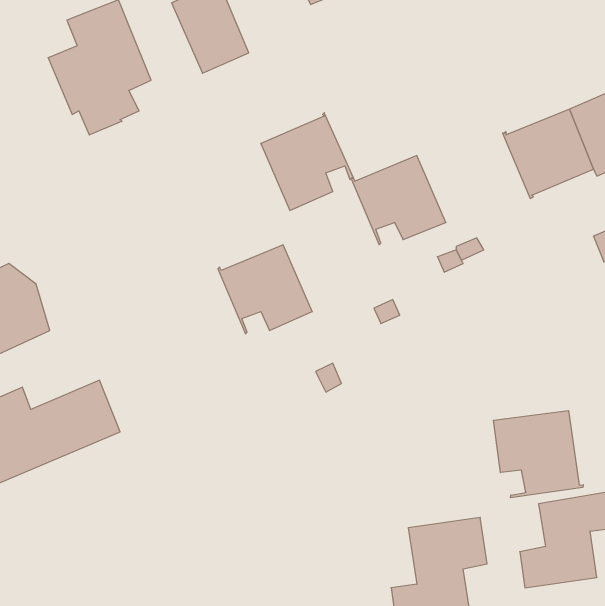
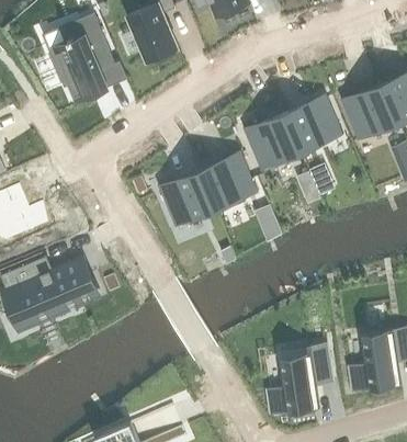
building: [261,113,353,210] -> [199,150,258,213]
building: none -> [284,93,342,156]
building: [494,411,583,498] -> none

